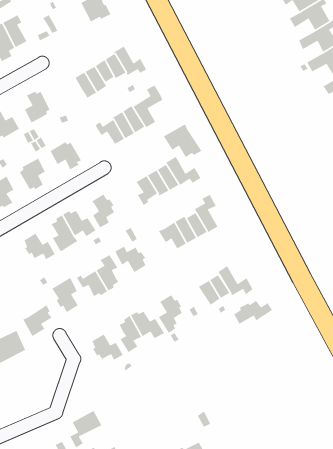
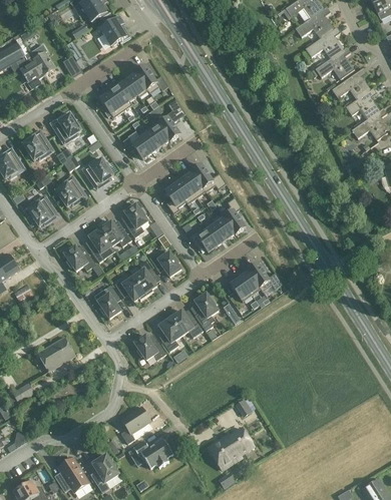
building: [163,123,203,158] -> none
building: [233,300,273,325] -> none
building: [22,304,52,337] -> none

